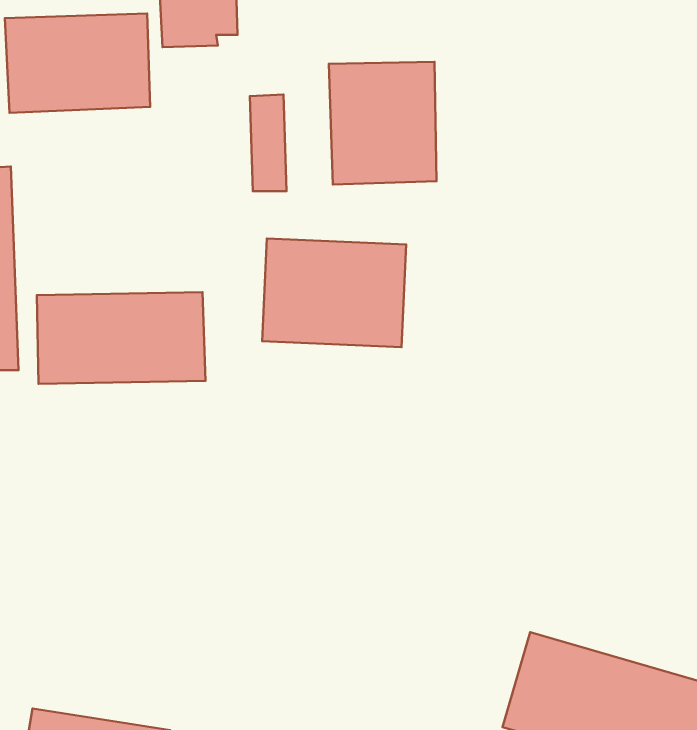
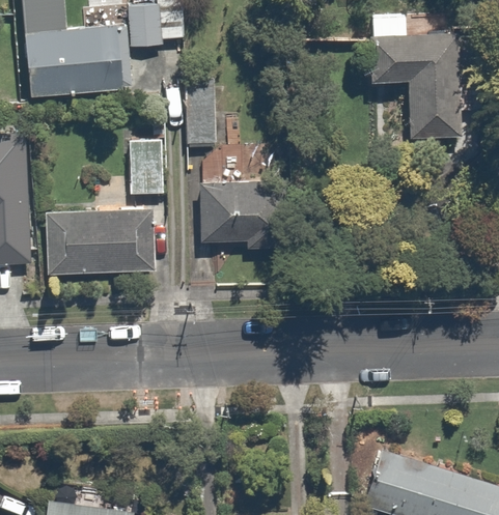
building: none -> [369,29,469,139]
building: [329,62,437,185] -> none
building: none -> [128,138,163,197]

